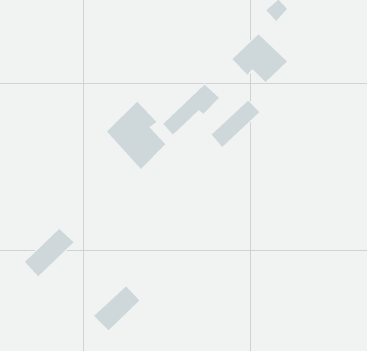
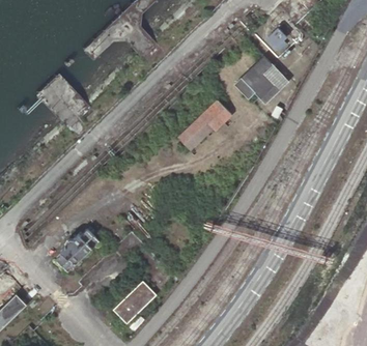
building: [211,100,260,148] -> none
building: [106,101,166,170] -> none

